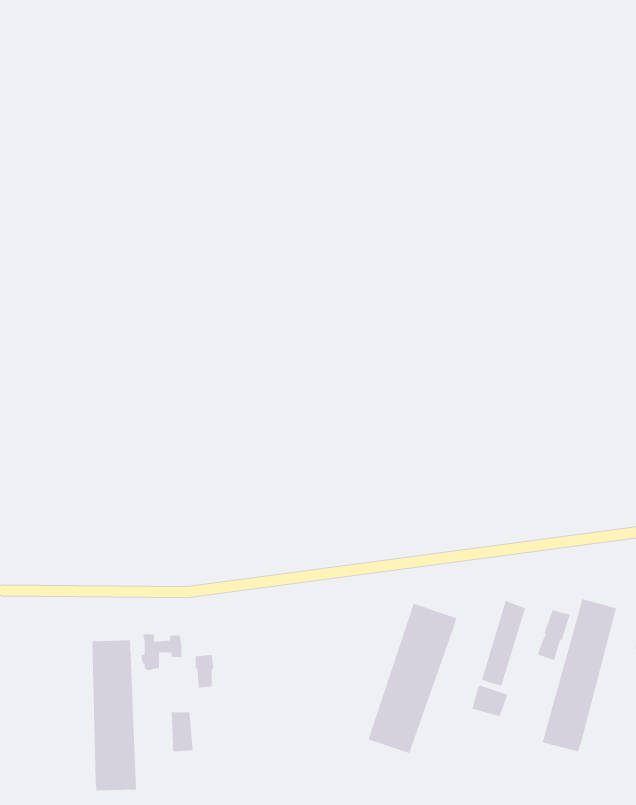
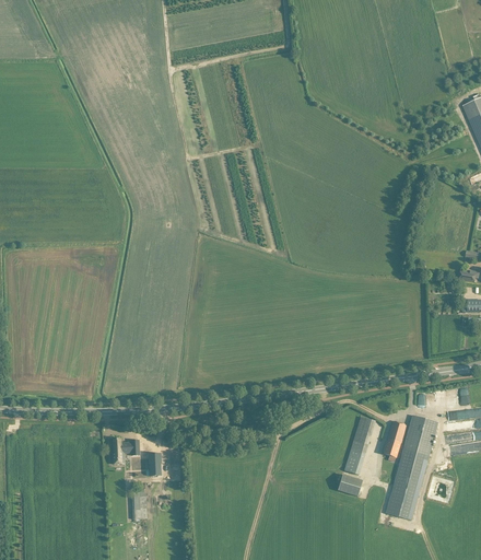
building: [368,603,457,754] -> none
building: [92,640,137,791] -> none

